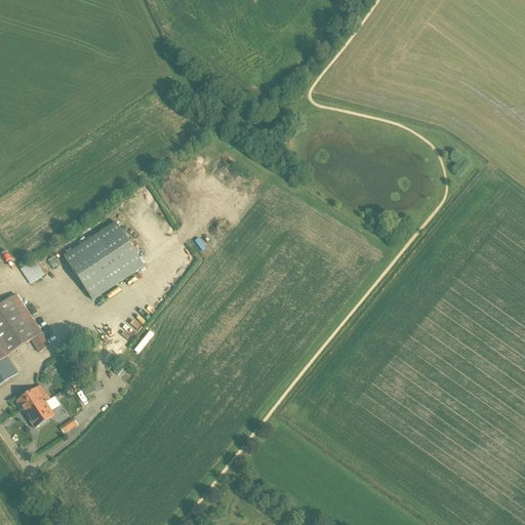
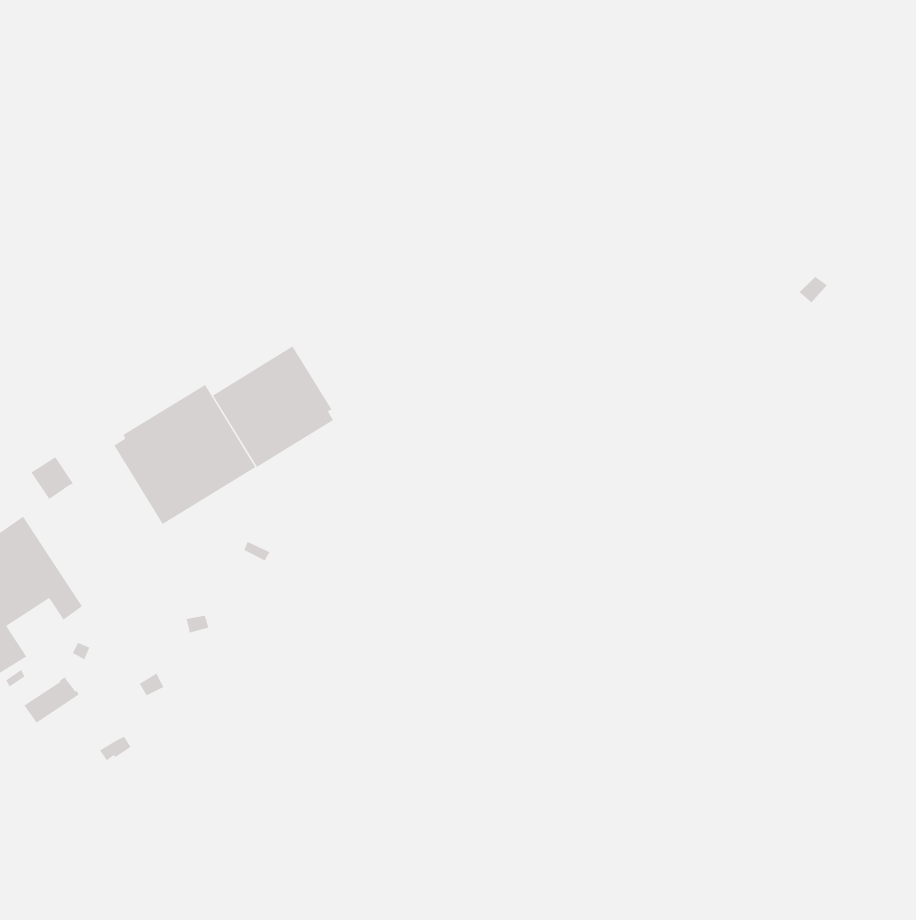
building: none -> [212,346,334,468]
building: [21,395,53,429] -> none

